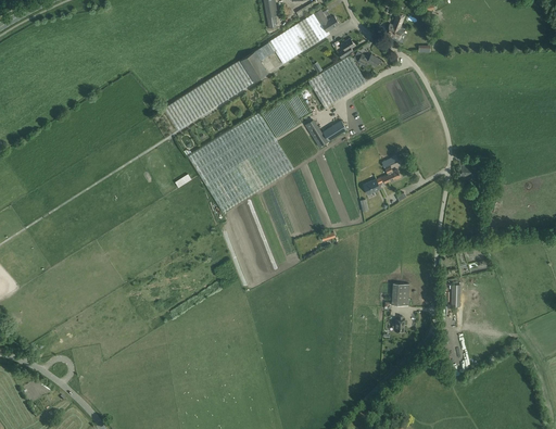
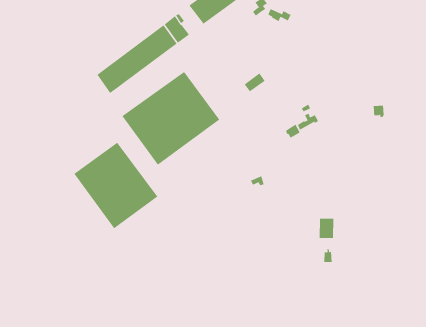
building: [308,55,368,108] -> none
building: none -> [73,142,158,229]

